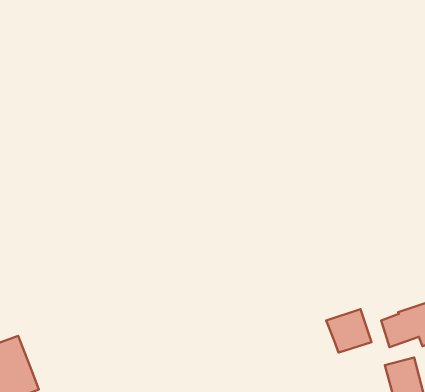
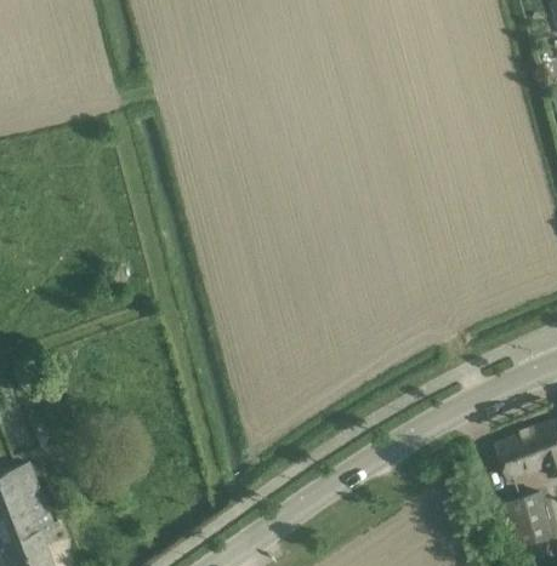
building: [326,309,372,353] -> none

